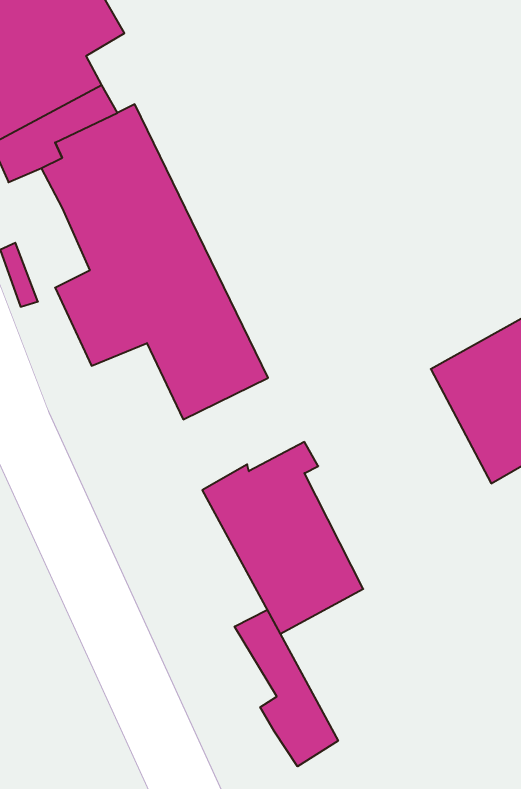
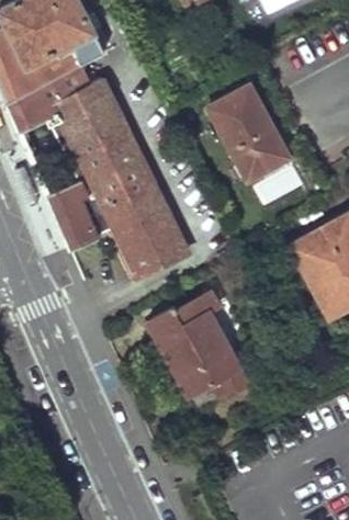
building: none -> [192,84,286,180]
building: [235,610,338,766] -> none

